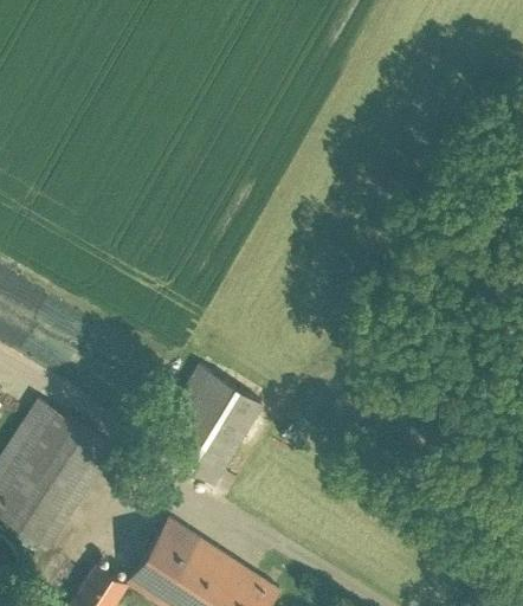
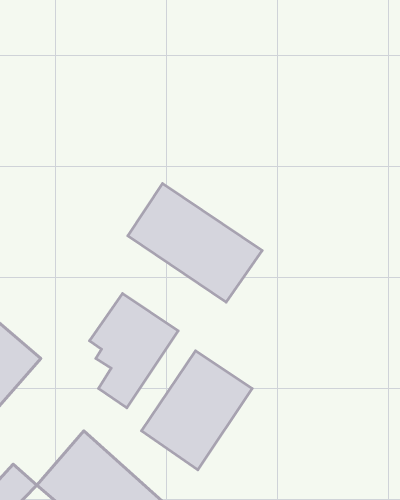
building: none -> [128,183,262,302]
building: none -> [141,351,252,470]

